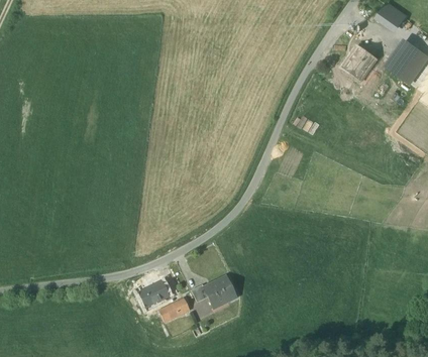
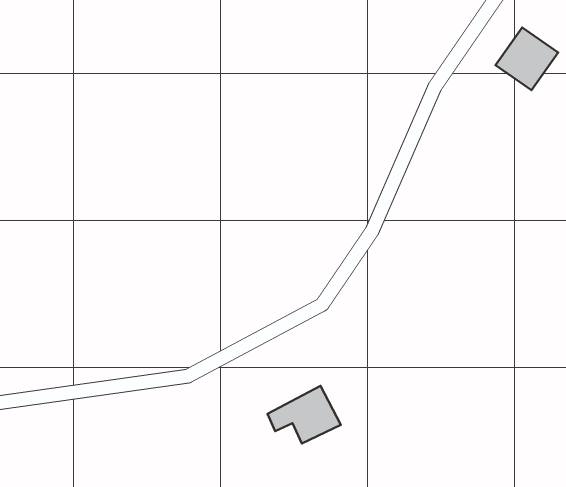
building: [138,281,188,322] -> none

